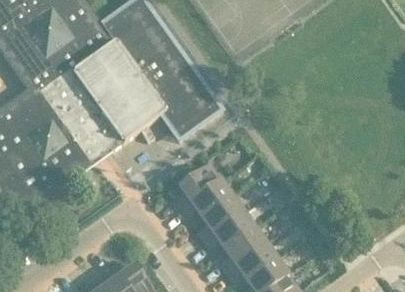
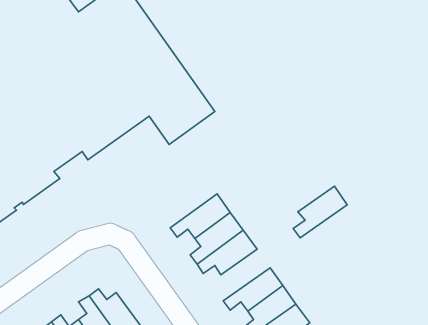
building: [174,161,221,206] -> none
building: [220,224,266,268] -> [293,186,347,238]

